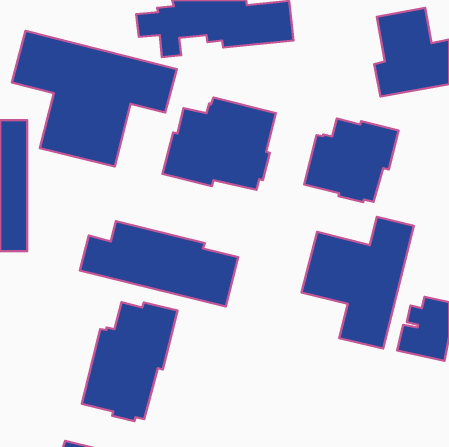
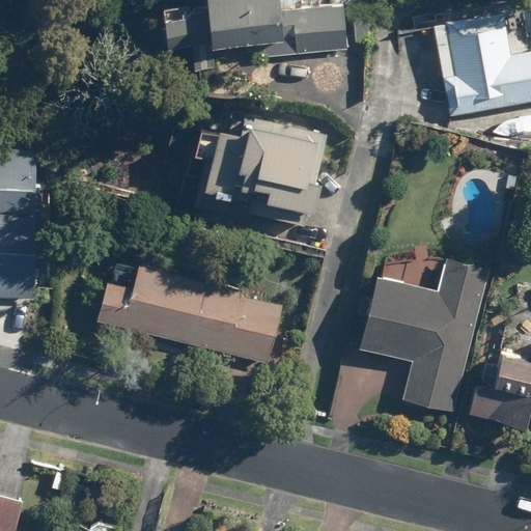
building: [12,31,177,166] -> none
building: [304,119,399,202] -> none
building: [82,302,177,421] -> none

